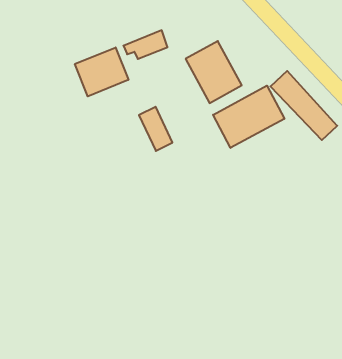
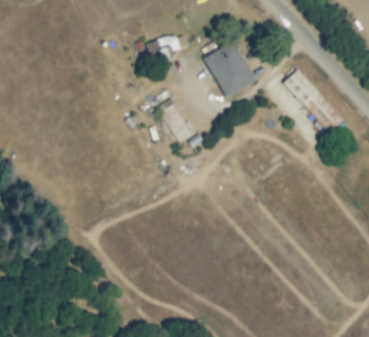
building: [75,47,128,96] -> none
building: [213,86,284,148] -> none

